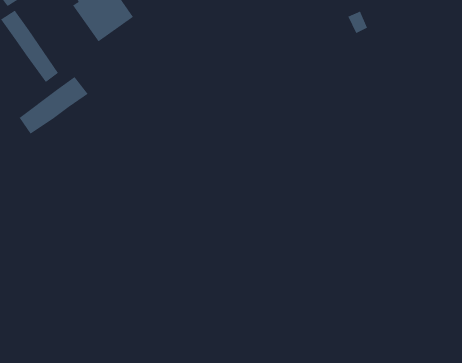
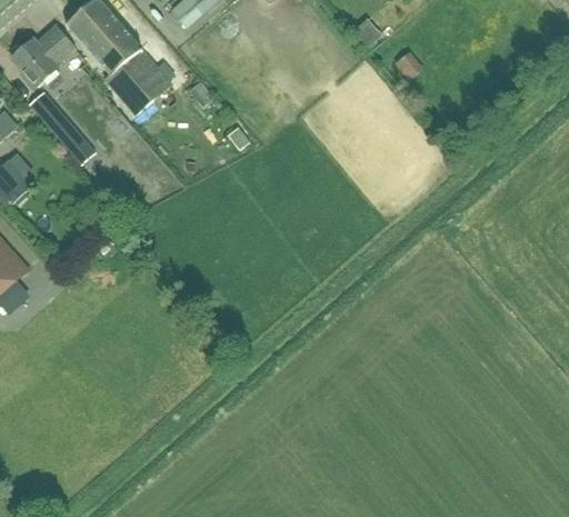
building: [19,76,89,135] -> none

